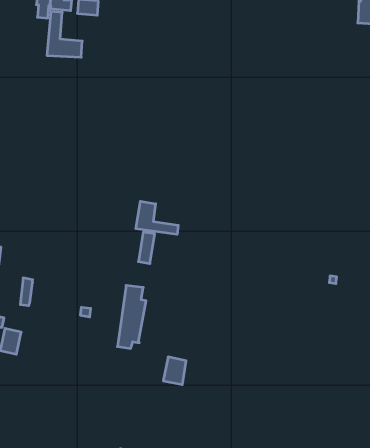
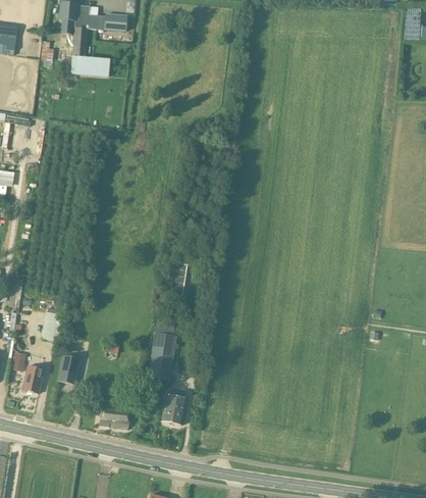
building: [136,201,178,234] -> none
building: none -> [56,354,78,385]
building: [163,357,186,385] -> [161,395,185,425]
building: none -> [100,401,131,429]

